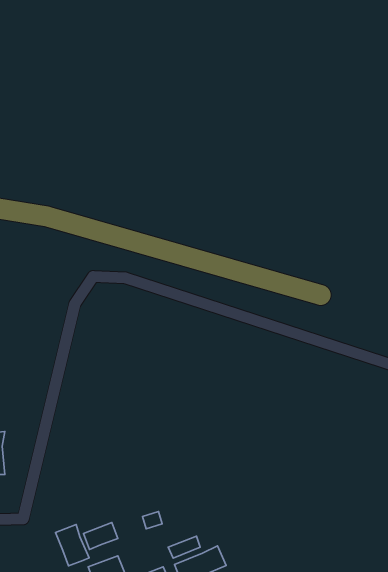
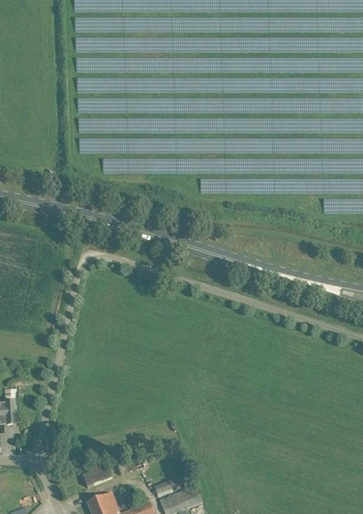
building: [56,525,89,566] -> none

